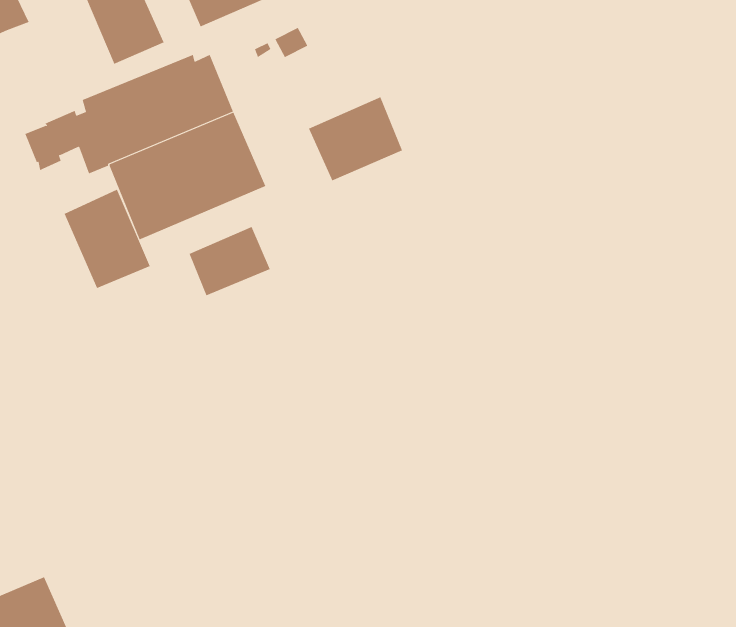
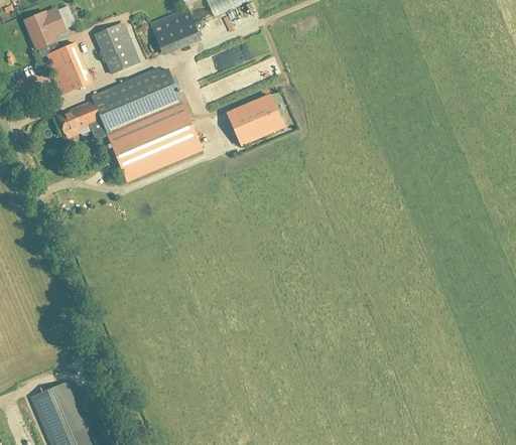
building: none -> [46,42,91,95]
building: [64,189,151,289] -> none
building: [189,226,271,296] -> none

